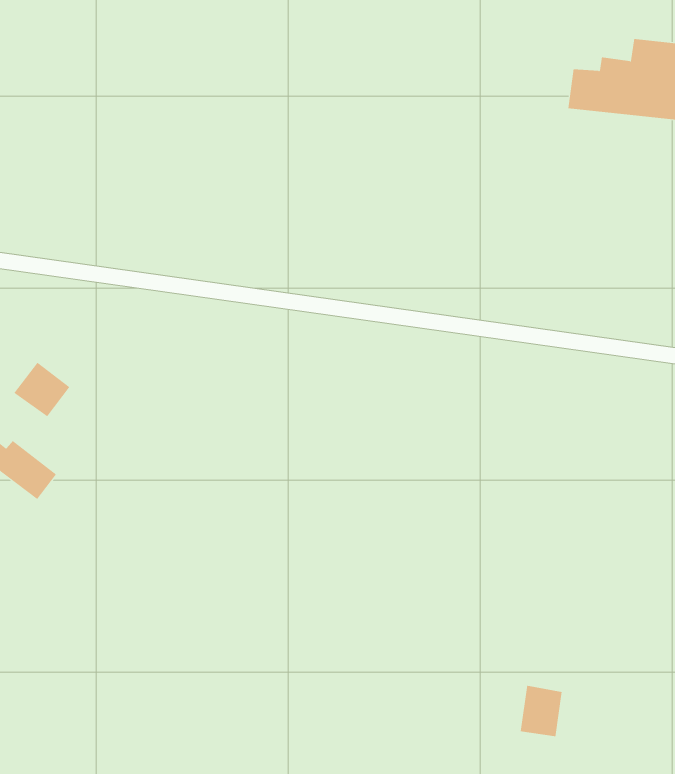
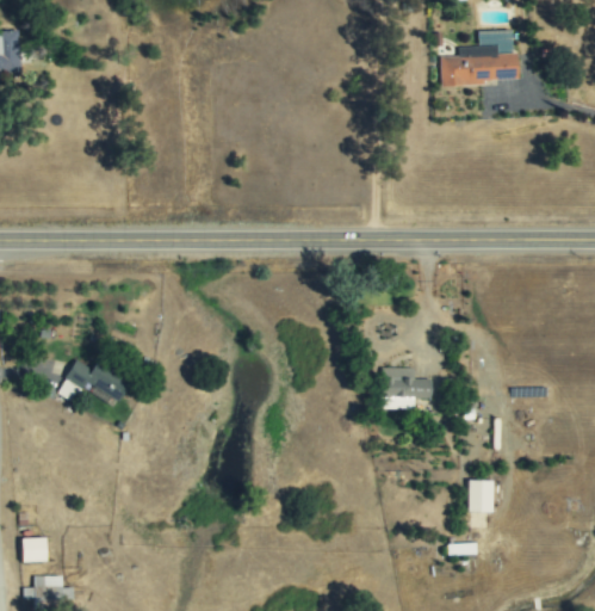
building: [14,362,70,417] -> none
building: none -> [383,368,432,409]

